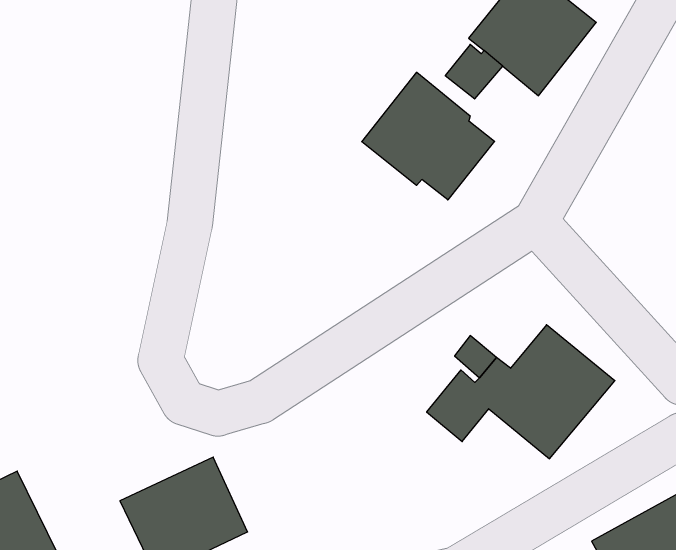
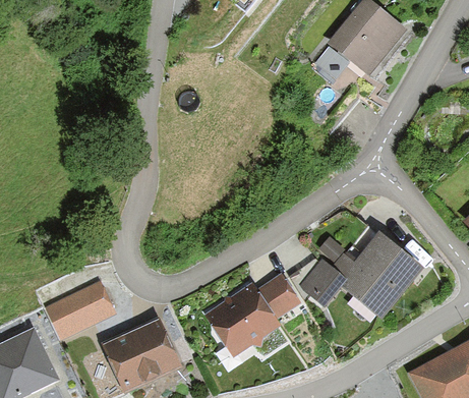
building: [362,72,495,200] -> none
building: none -> [204,273,301,357]
building: none -> [44,281,116,342]

